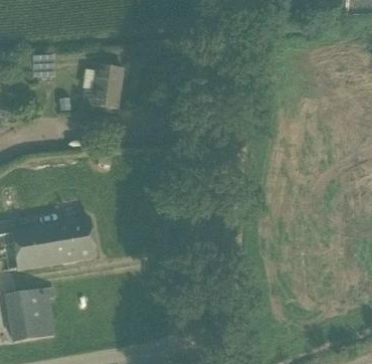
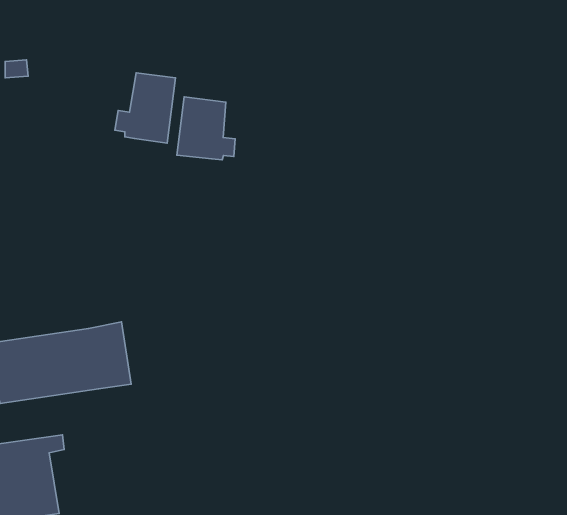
building: none -> [177,97,235,160]

